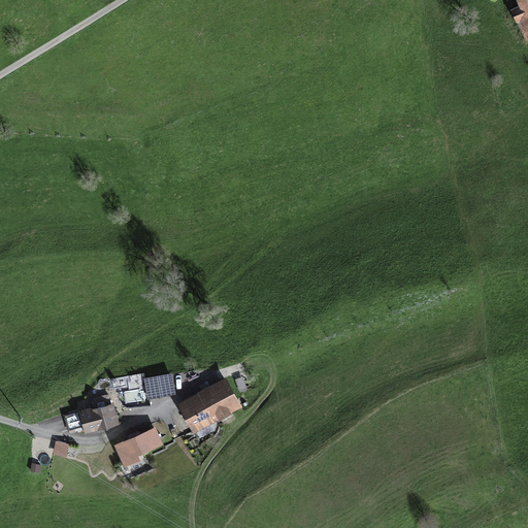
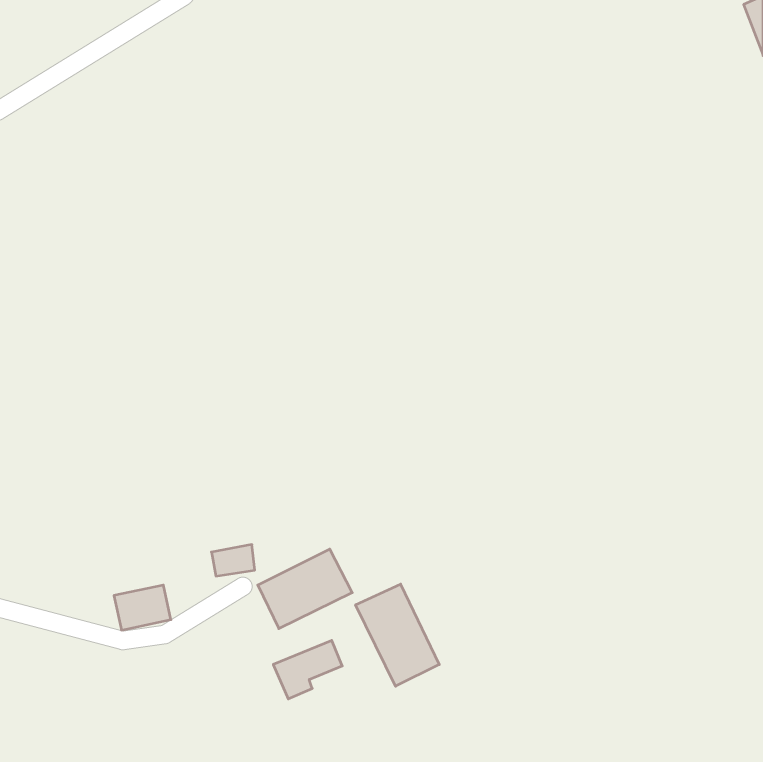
building: none -> [356,584,439,686]
building: [114,427,162,467] -> [273,640,342,699]

